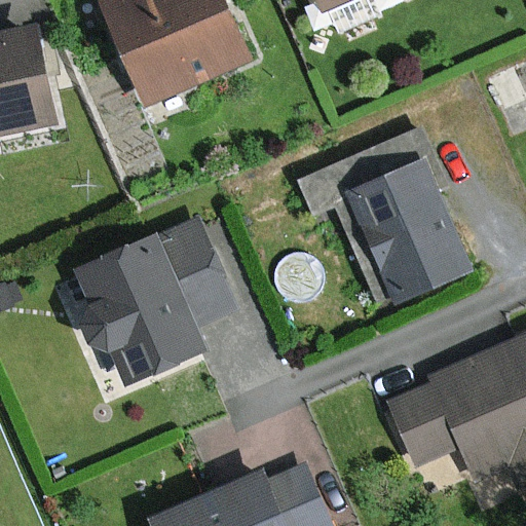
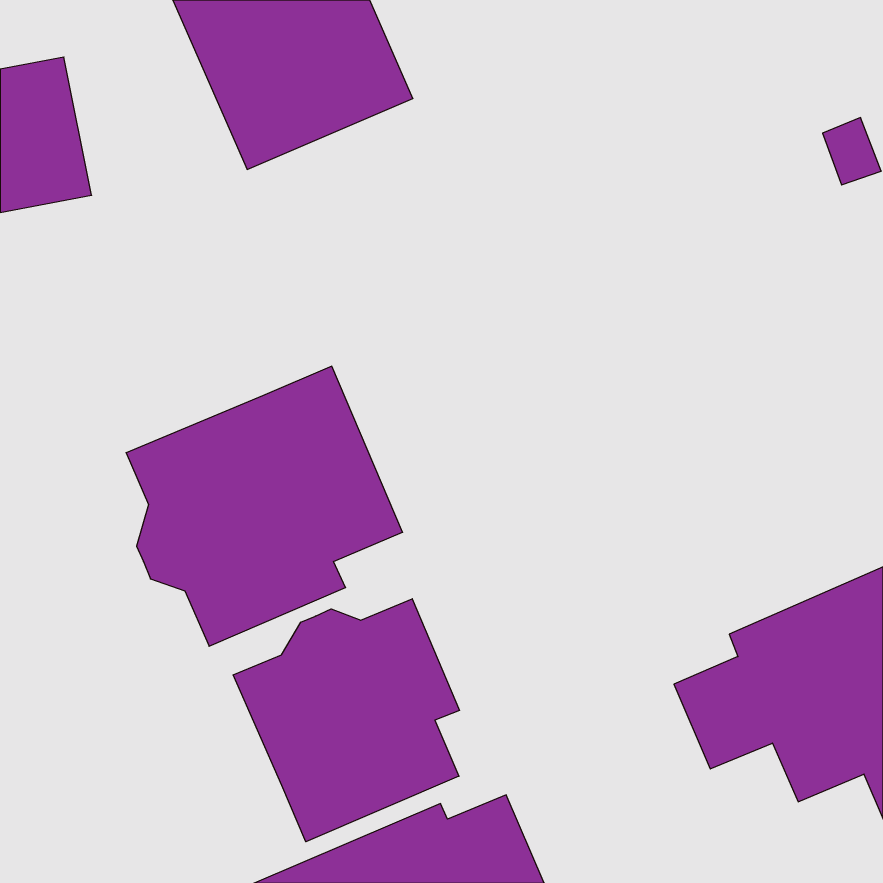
building: [301,133,473,301] -> none
building: none -> [233,599,459,842]

